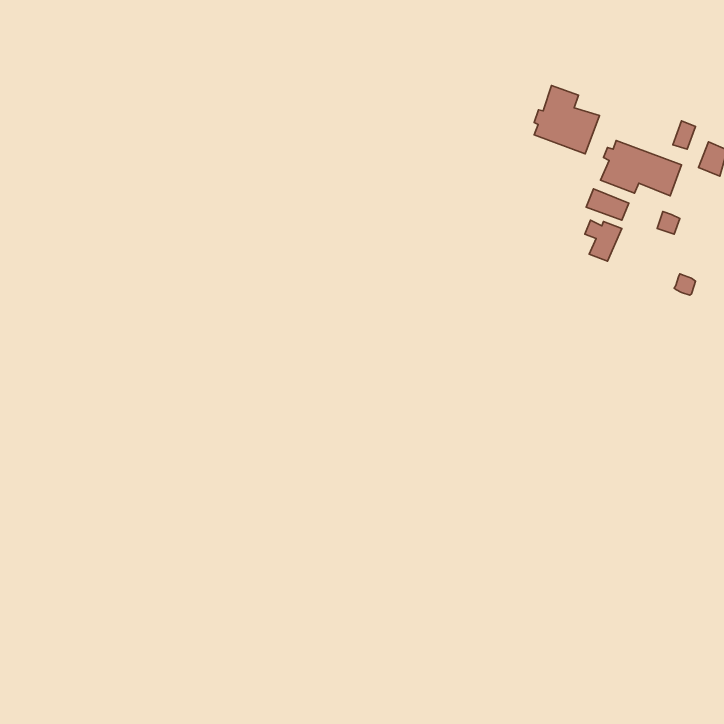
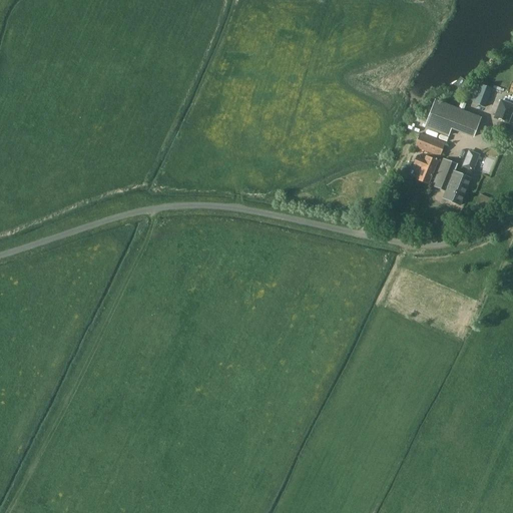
building: [534,86,600,154] -> none
building: none -> [433,157,472,206]

